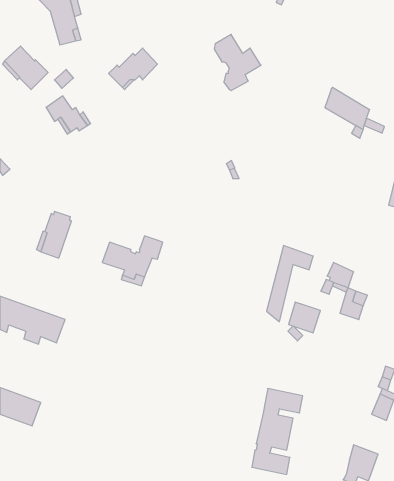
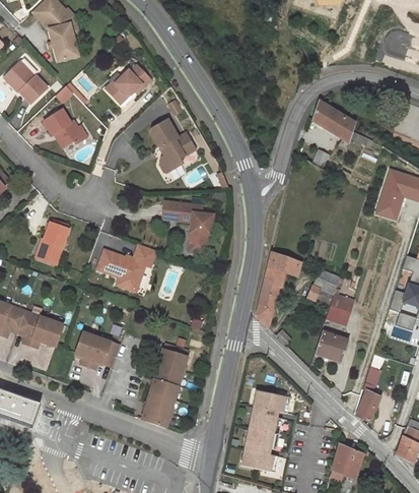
building: [214,34,261,91] -> [150,119,195,173]
building: none -> [177,203,213,253]
building: [289,302,320,333] -> [317,332,347,362]
building: none -> [75,331,120,368]
building: none -> [142,344,188,428]

